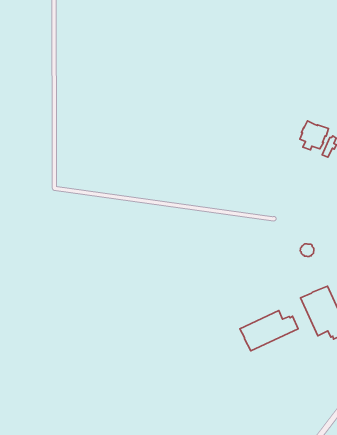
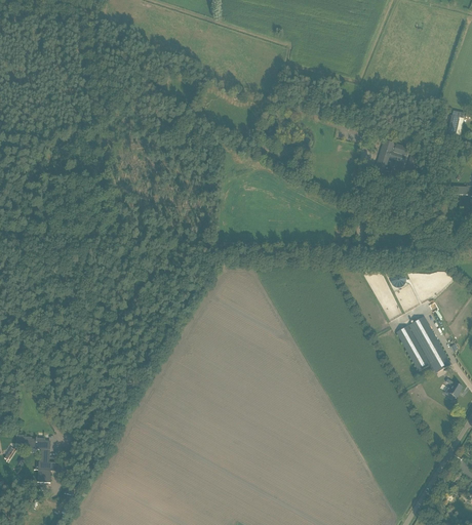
building: [240,311,298,351] -> none

